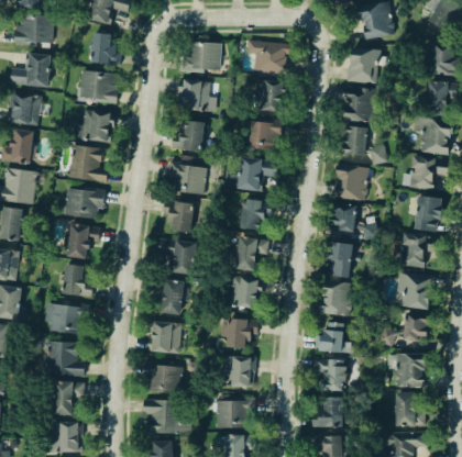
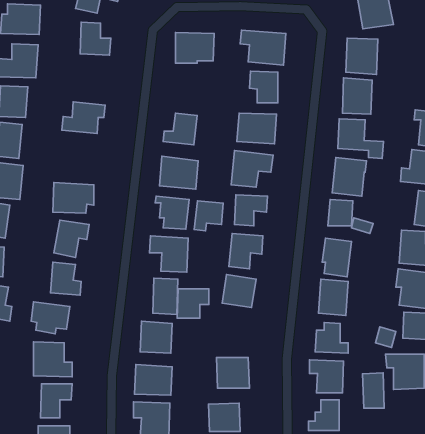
building: [79,71,118,101] -> none
building: [179,80,210,110] -> none
building: [69,146,108,182] -> none
building: none -> [194,201,223,231]
building: [227,320,257,348] -> [177,289,209,318]
building: [395,392,416,426] -> [363,373,384,408]

